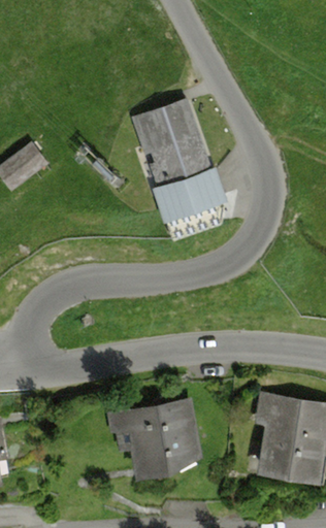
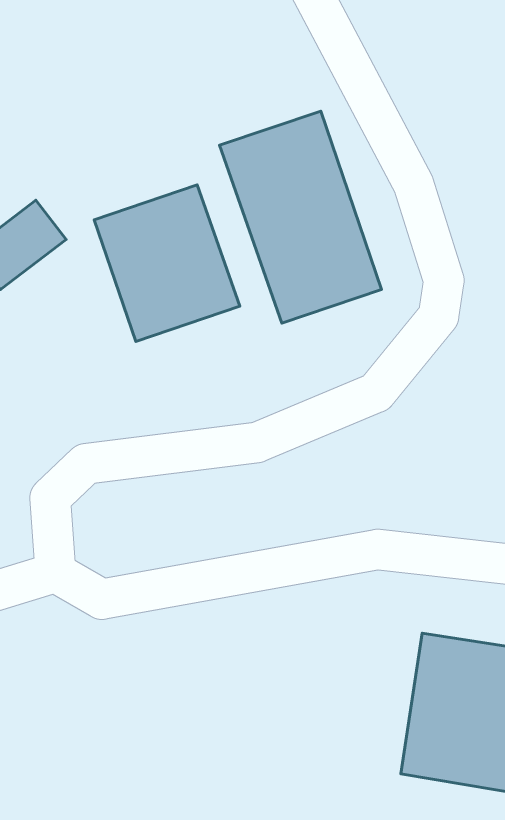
building: none -> [94,185,240,341]
building: [108,400,196,471] -> none

